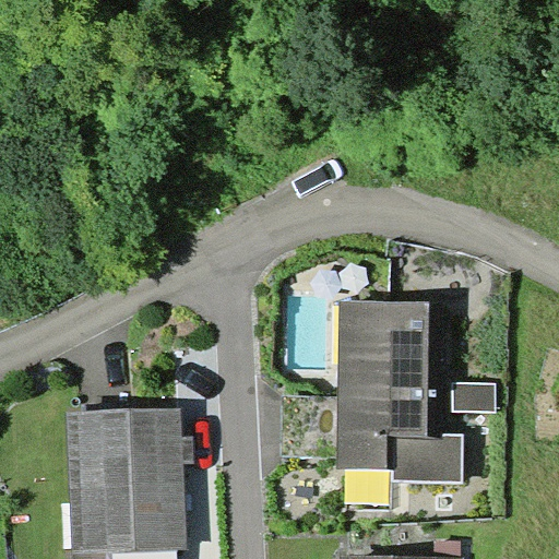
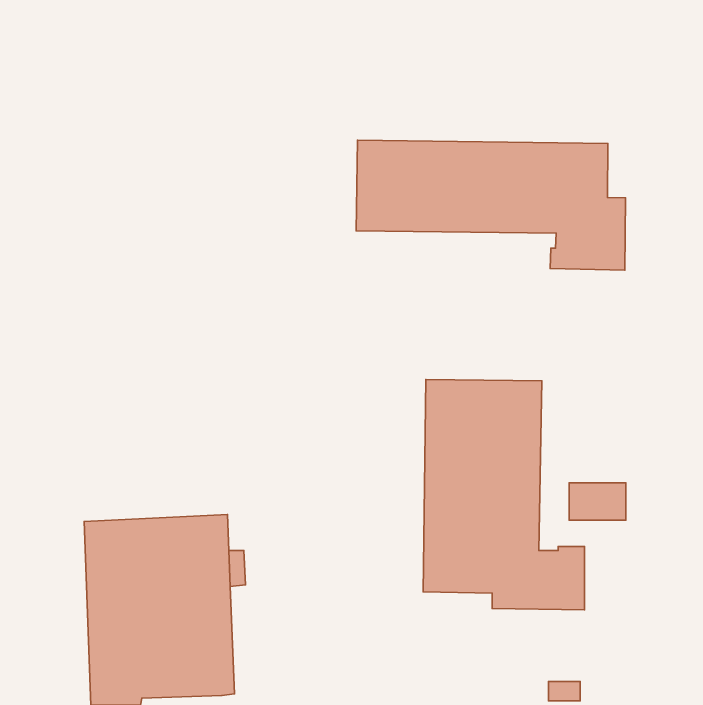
building: none -> [356,140,626,270]

